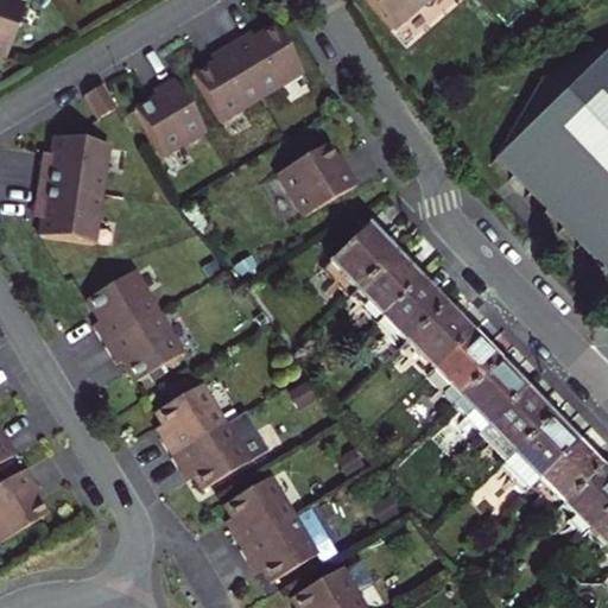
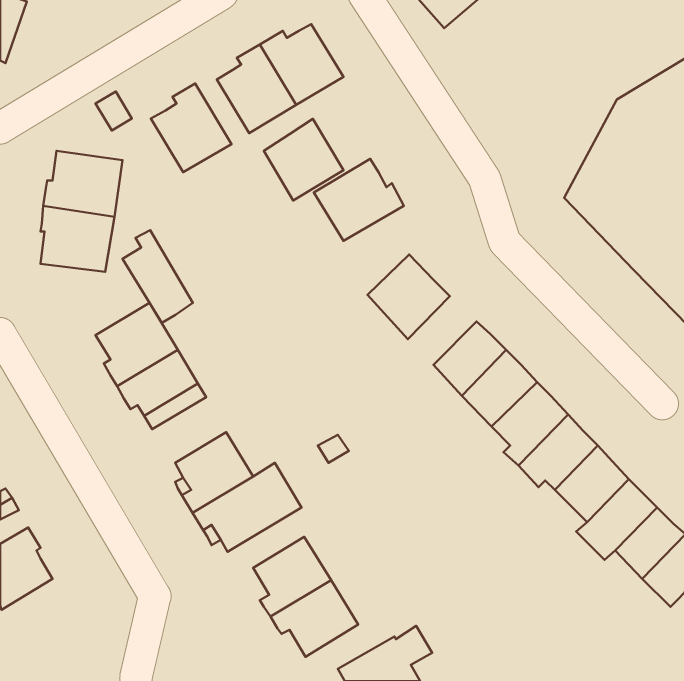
building: none -> [264,119,343,201]
building: none -> [122,230,193,323]
building: [363,261,424,322] -> none

